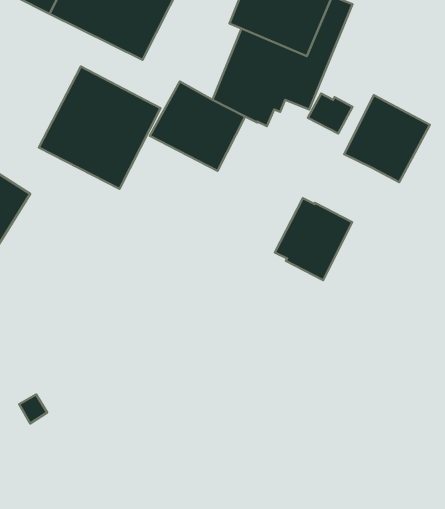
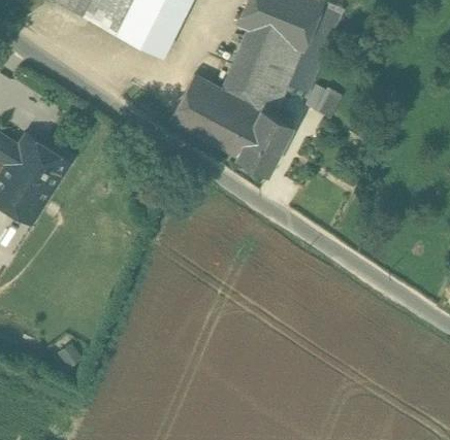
building: [39,66,161,189] -> none
building: [344,95,430,182] -> none
building: [275,198,352,280] -> [228,103,294,173]

